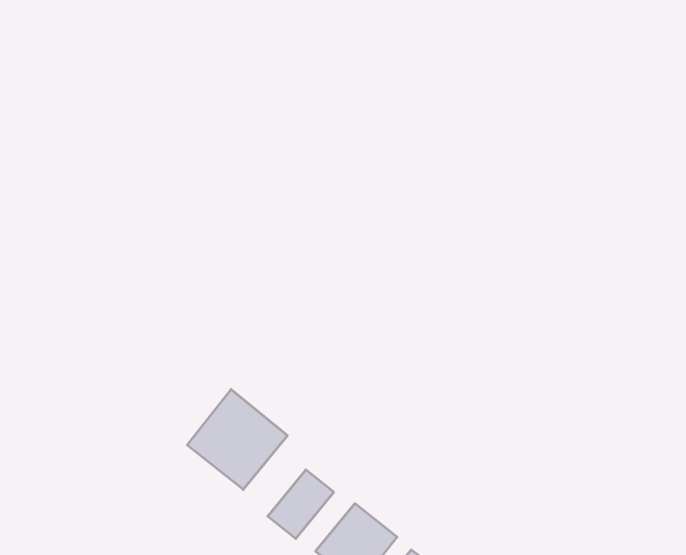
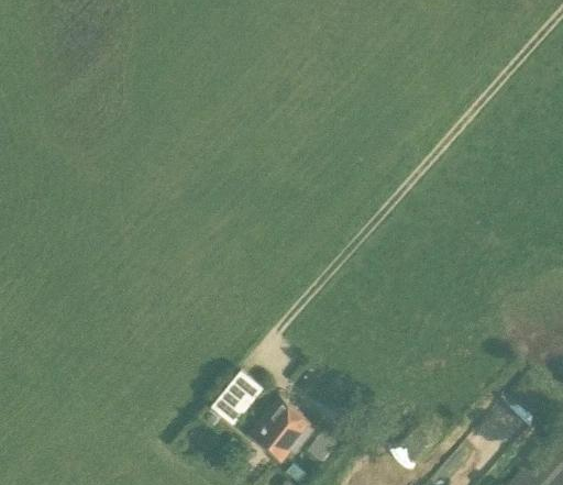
building: [187,389,287,490] -> none

